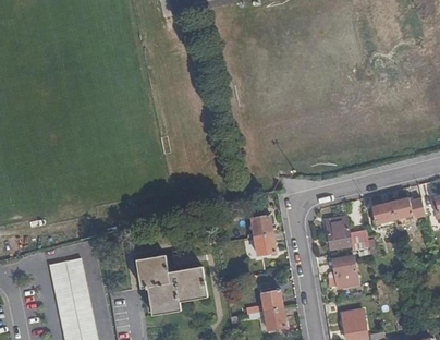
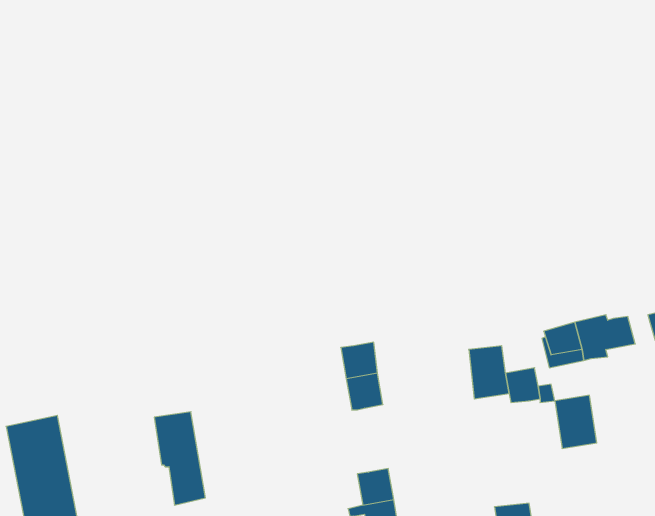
building: [160,255,205,307] -> none
building: [332,257,357,289] -> [555,395,597,448]

